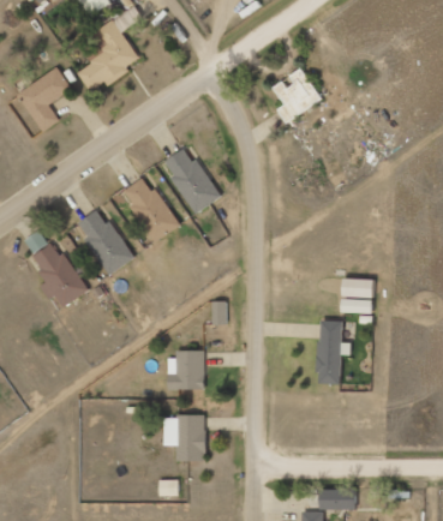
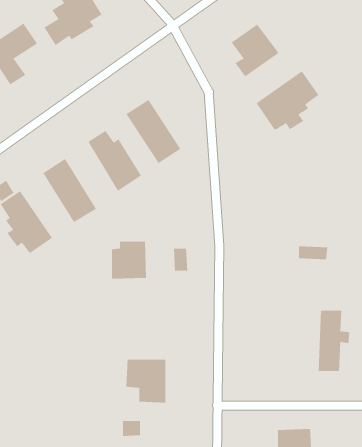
building: none -> [256,71,319,131]
building: [342,279,373,298] -> none
building: [317,321,351,384] -> [318,310,350,371]
building: [167,351,204,390] -> [111,241,147,279]

